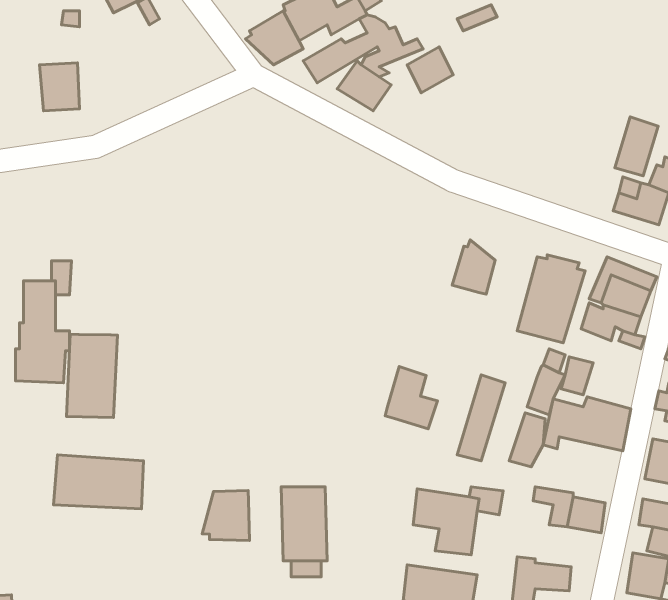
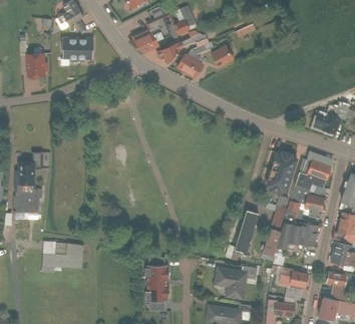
building: none -> [61,37,92,60]
building: [615,117,658,176] -> none
building: [452,240,495,294] -> none
building: [67,334,117,417] -> none
building: none -> [303,194,328,217]
building: [385,366,438,429] -> none
building: [202,490,250,540] -> none

